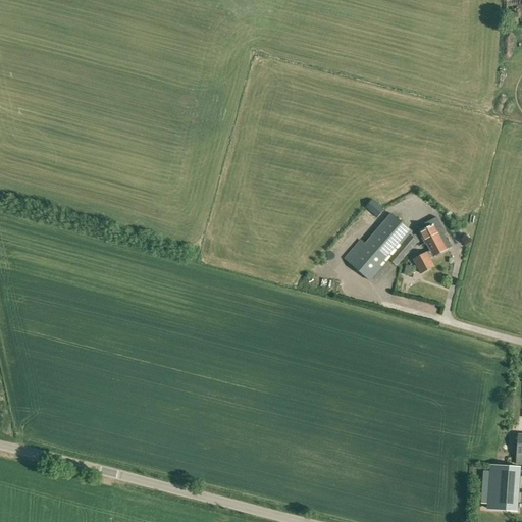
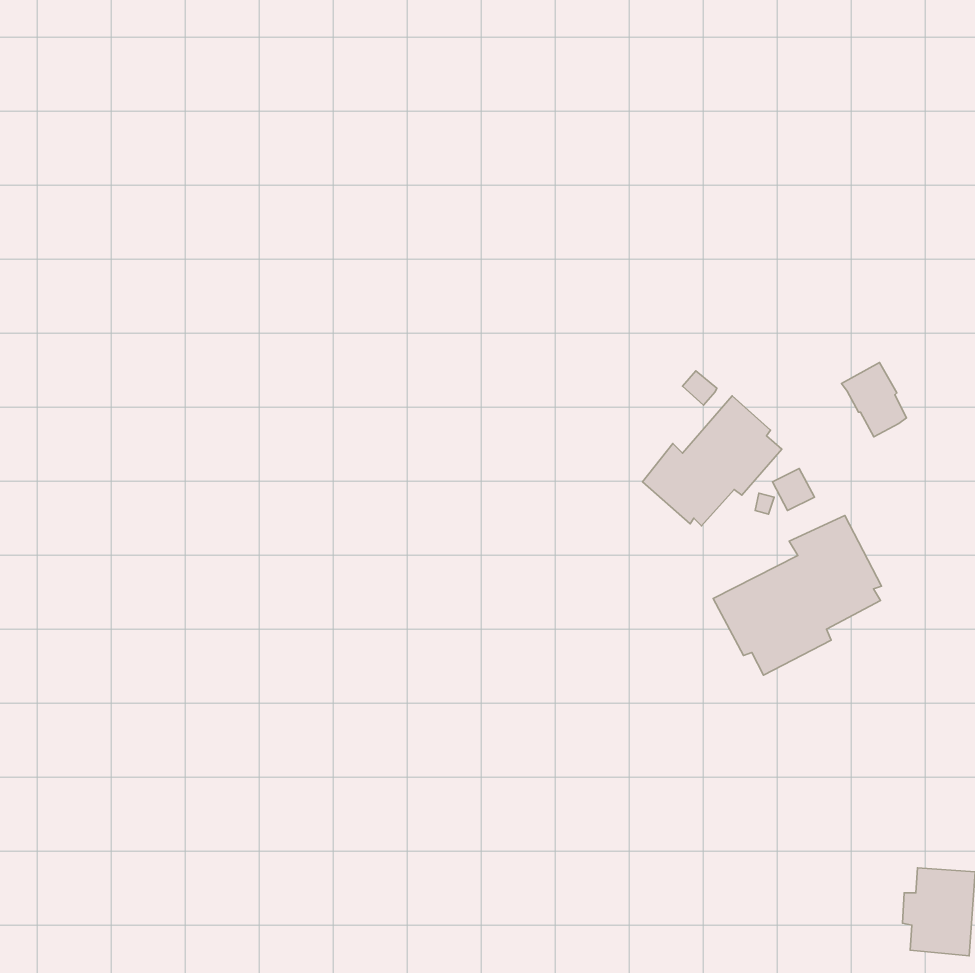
building: [415,215,450,255] -> [841,362,906,437]
building: none -> [713,515,882,675]

